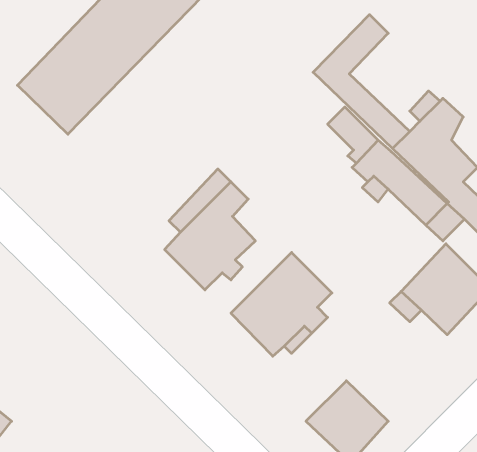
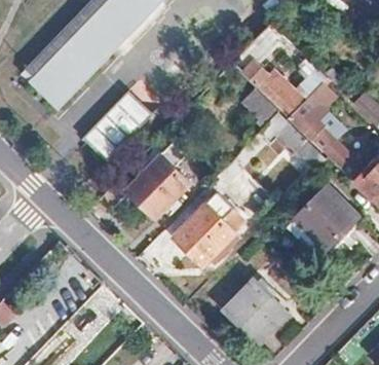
building: none -> [83,89,151,159]

